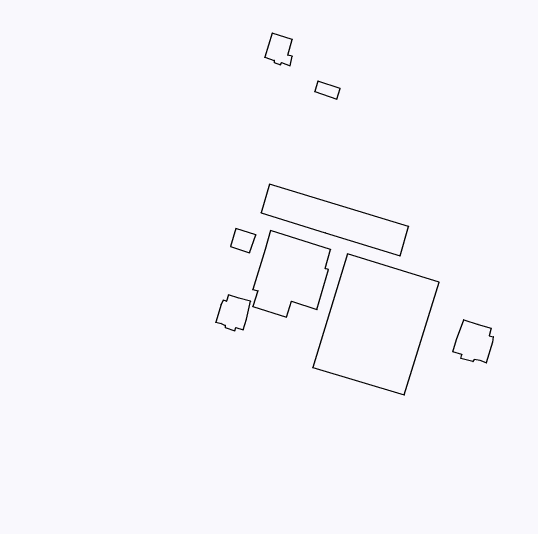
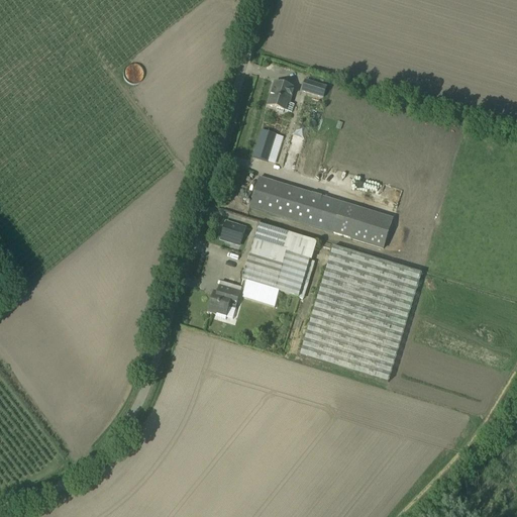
building: [265,33,292,66] -> [268,79,294,110]
building: none -> [253,127,276,159]
building: [453,320,493,363] -> none

